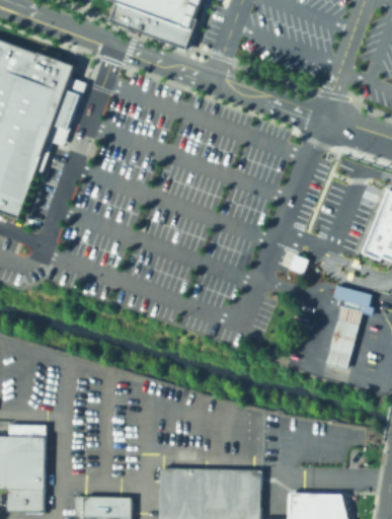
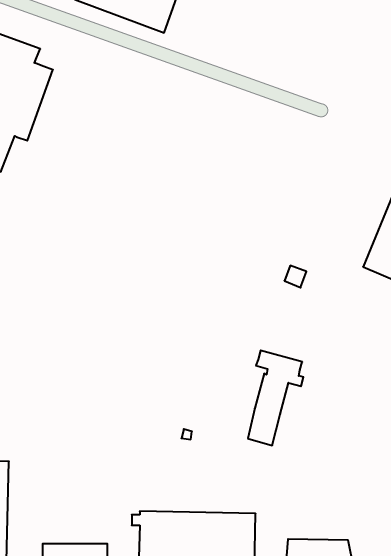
building: [325,284,374,367] -> [248,350,303,445]

